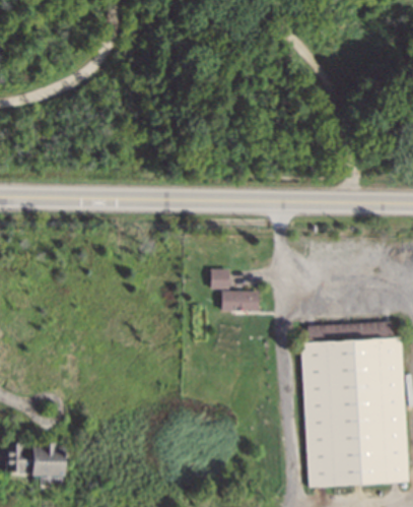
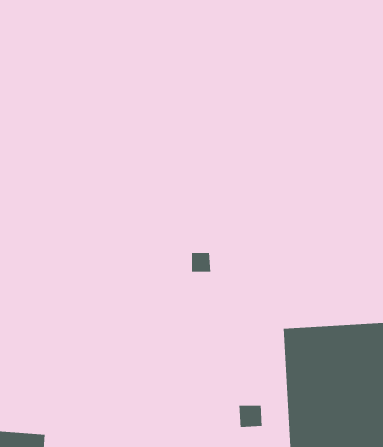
building: [221,292,259,311] -> none
building: none -> [239,405,262,428]

